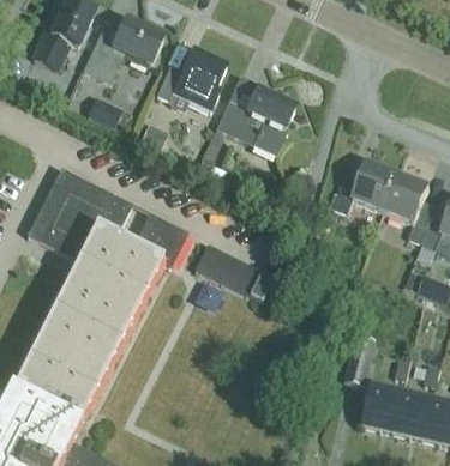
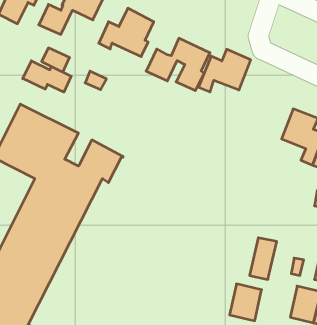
building: none -> [23,61,71,92]
building: [334,163,398,216] -> [198,49,251,92]
building: [194,244,272,301] -> none
building: [364,388,403,434] -> [230,284,262,321]

